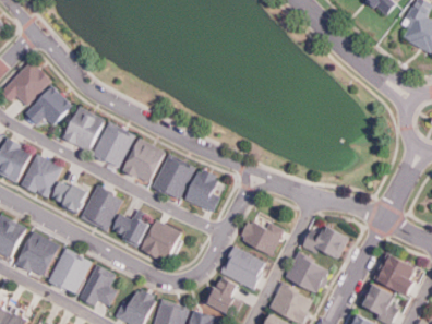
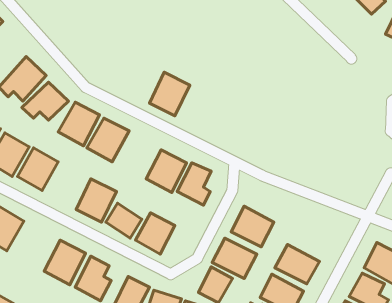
building: [122,139,164,183] -> [149,72,190,116]
building: [50,179,86,212] -> none
building: [302,225,348,262] -> none
building: [15,232,59,277] -> none

